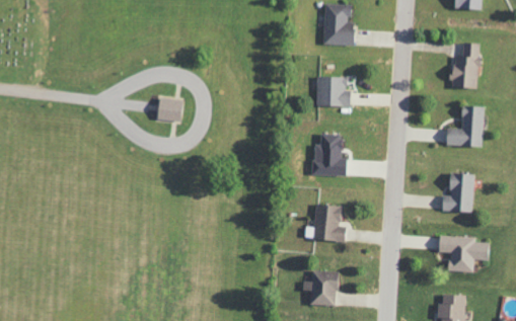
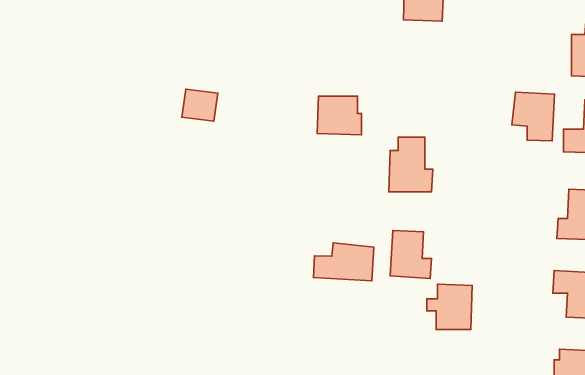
building: [316,77,350,106] -> [317,96,361,135]
building: none -> [512,92,554,141]
building: none -> [314,243,374,281]
building: [303,270,338,305] -> [427,284,472,330]

